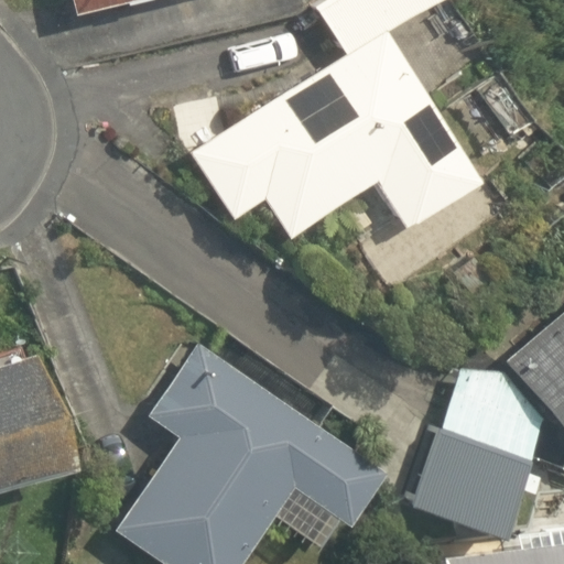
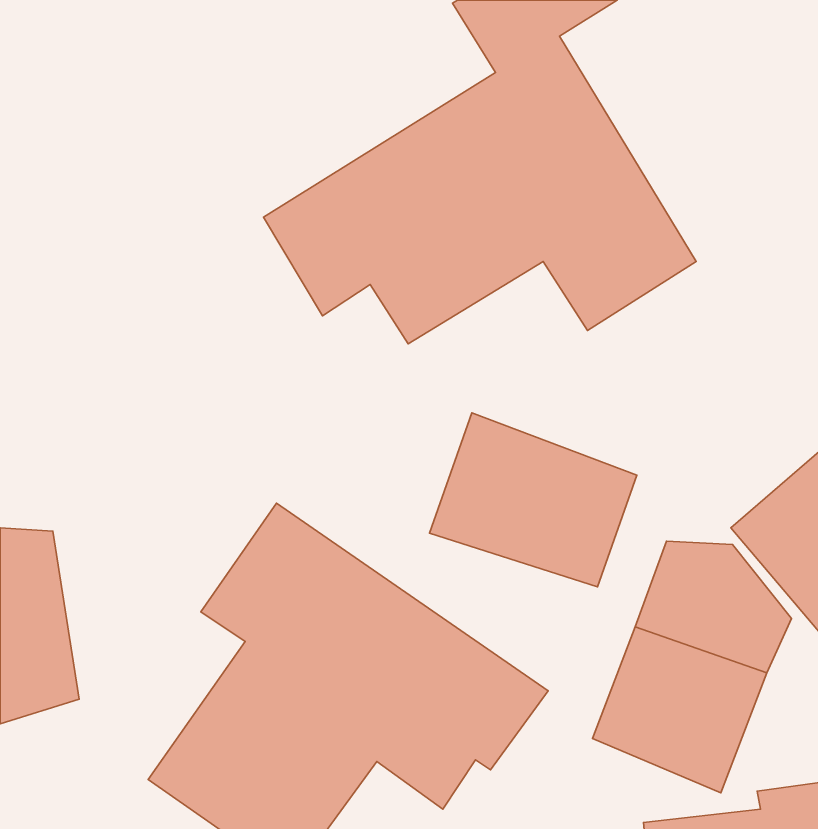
building: none -> [430,413,637,587]

